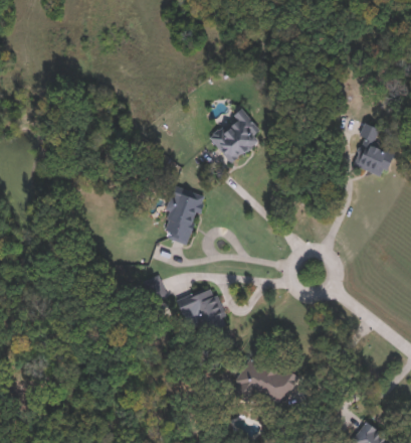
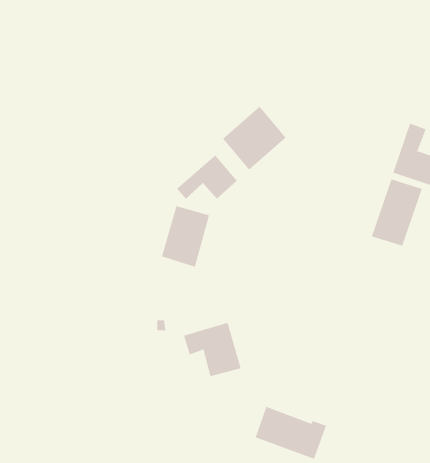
building: none -> [176,155,238,200]
building: none -> [371,179,422,247]

